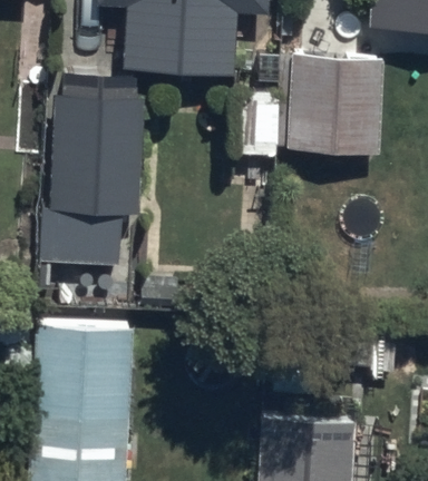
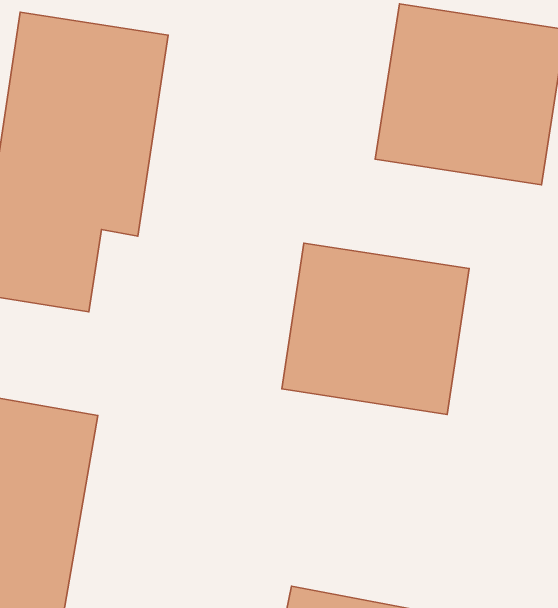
building: none -> [282,243,469,414]

